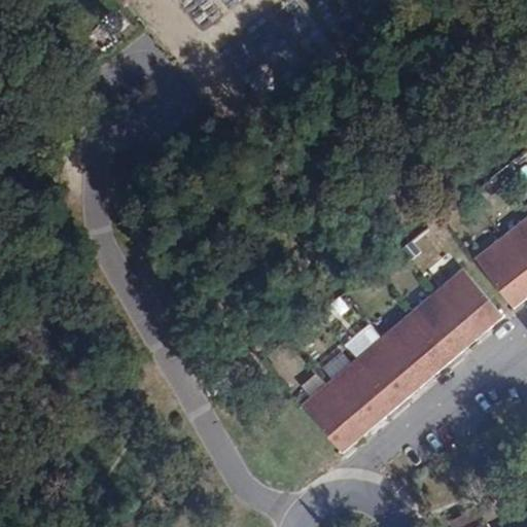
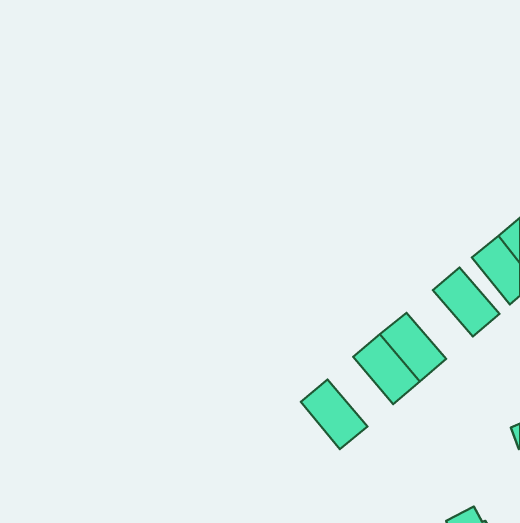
building: [409,292,476,361] -> none
building: [329,359,395,429] -> none

